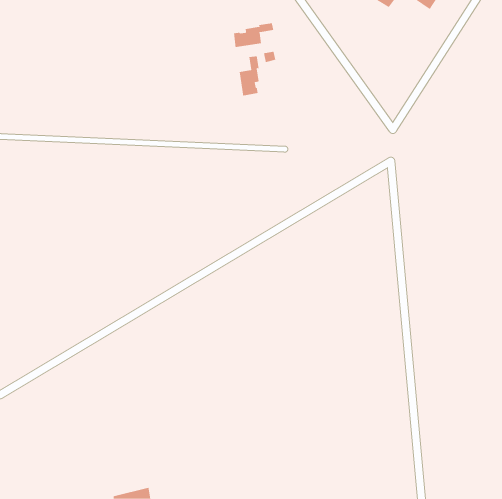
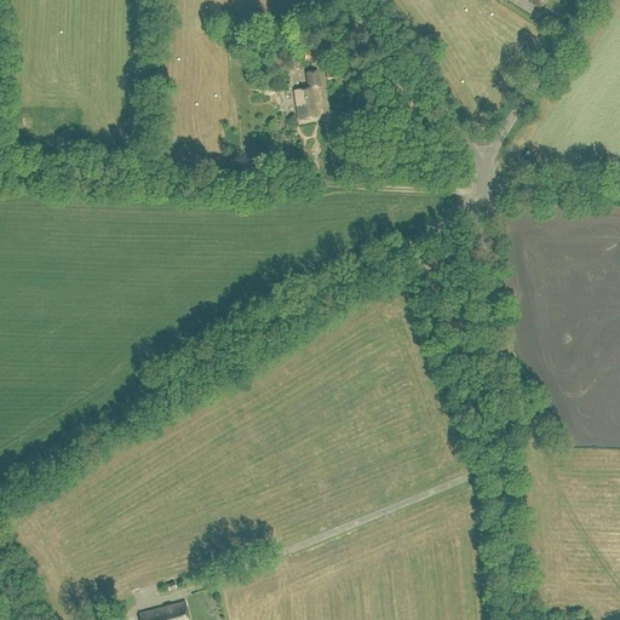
building: [233,22,274,48] -> none

